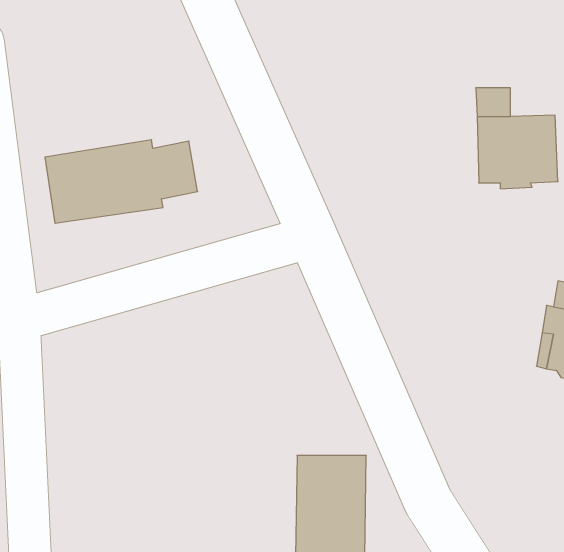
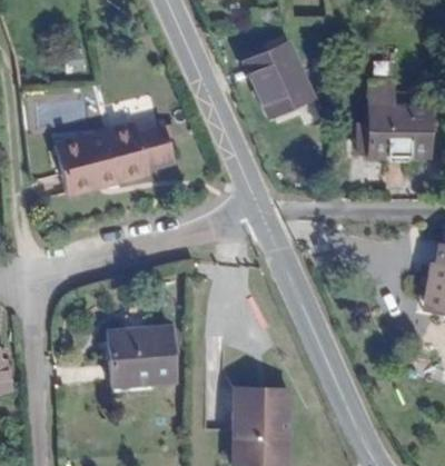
building: none -> [248,41,317,117]
building: none -> [106,328,174,388]

